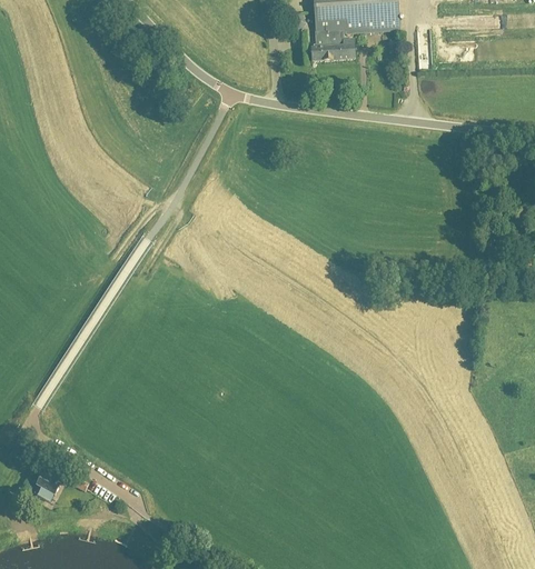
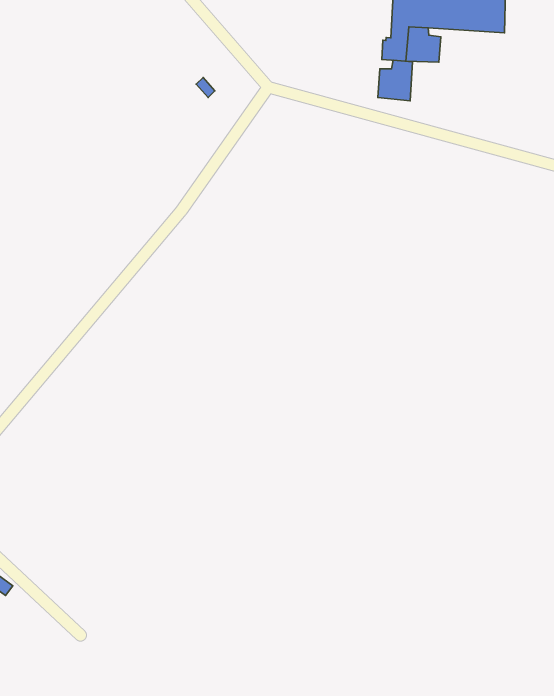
building: none -> [378,60,412,101]

